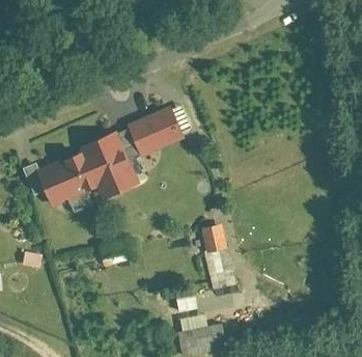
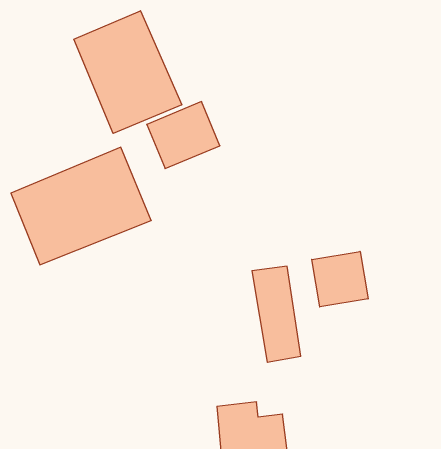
building: none -> [74,11,182,133]
building: none -> [312,251,368,307]

